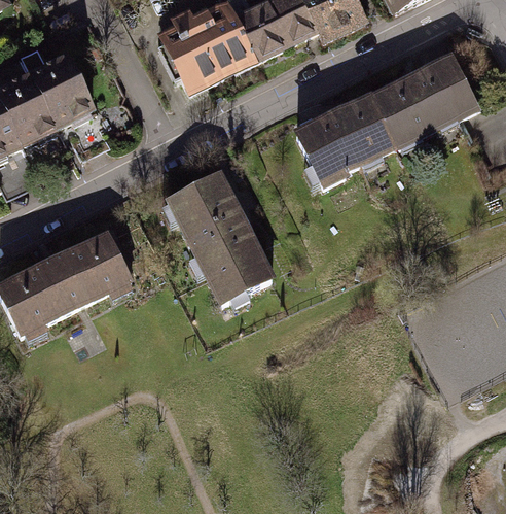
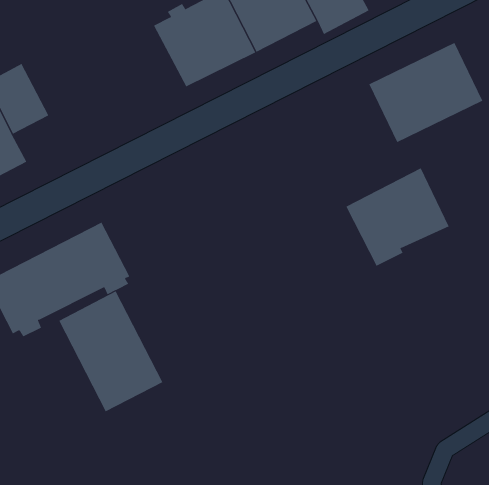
building: [19,45,95,124] -> none
building: [294,93,396,190] -> [346,168,450,266]
building: [167,172,269,302] -> none
building: none -> [58,291,163,412]

